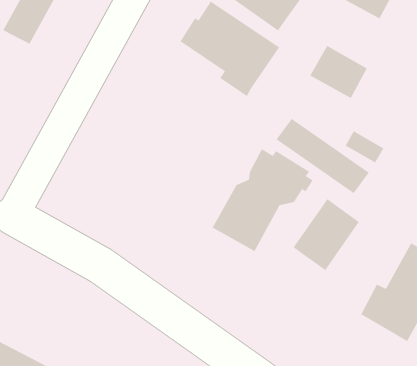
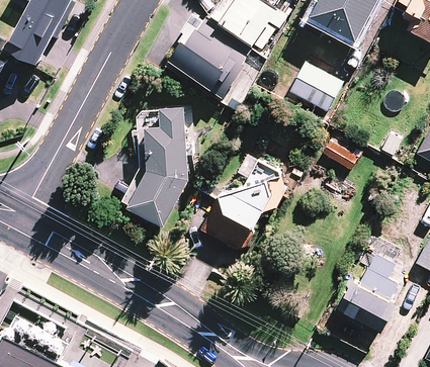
building: none -> [122,106,188,225]
building: [276,118,370,194] -> none
building: [292,198,360,271] -> none

